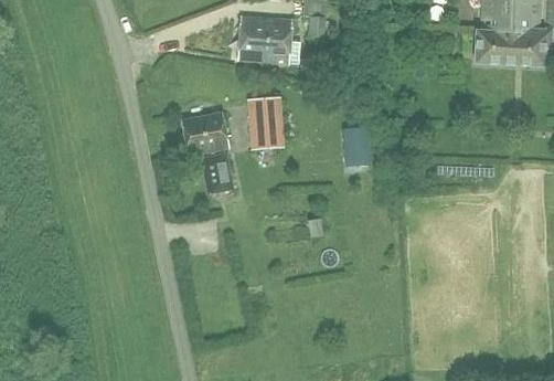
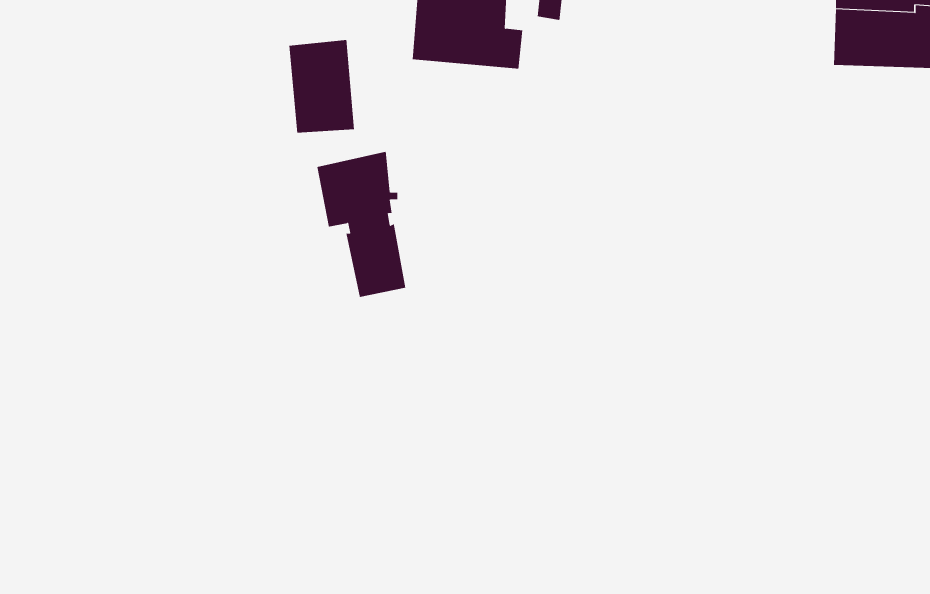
building: [247,95,285,148] -> [289,40,355,133]
building: [342,126,371,166] -> none

